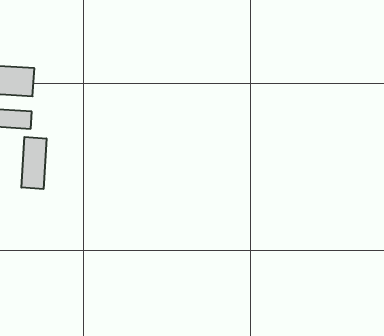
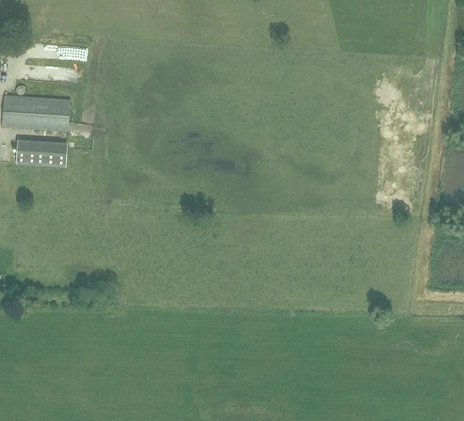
building: [21,137,46,189] -> none

